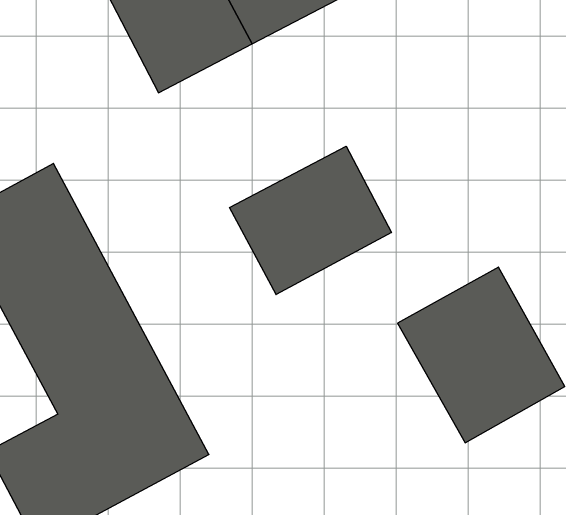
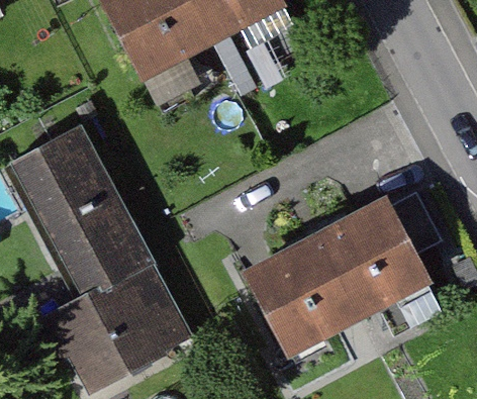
building: [230,146,391,295] -> none
building: none -> [253,239,370,363]

